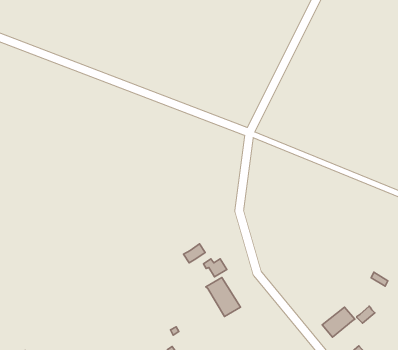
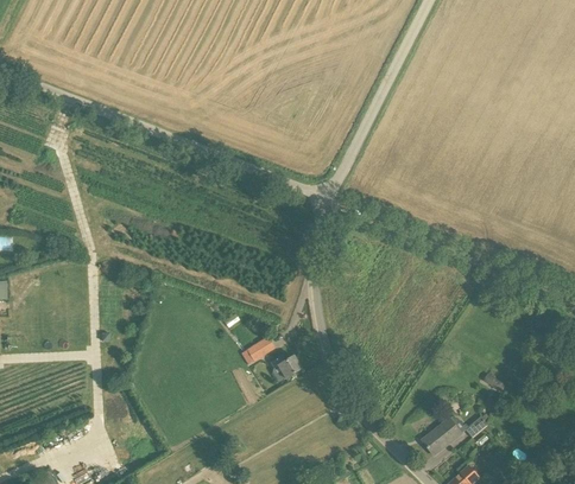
building: [206,278,241,317] -> none

